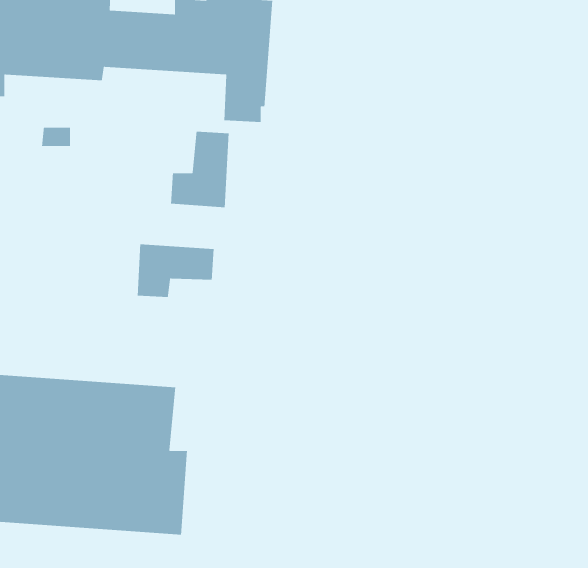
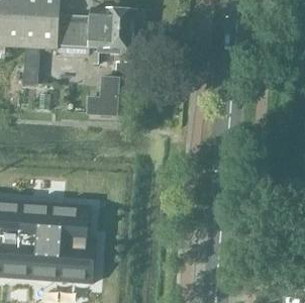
building: [137,244,215,298] -> none

